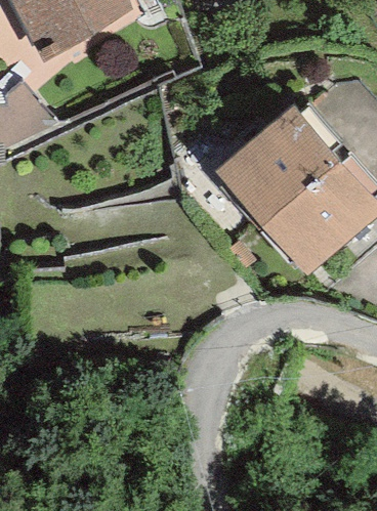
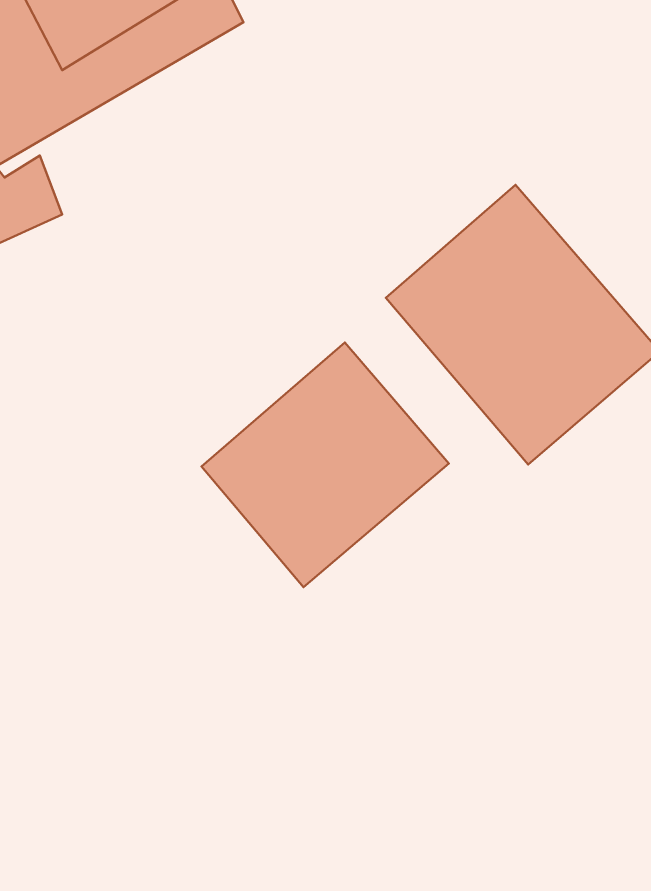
building: none -> [201,343,449,587]

